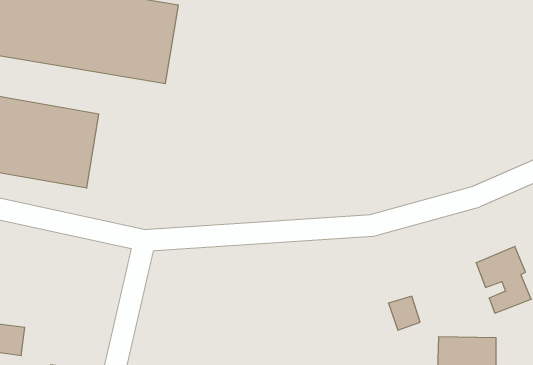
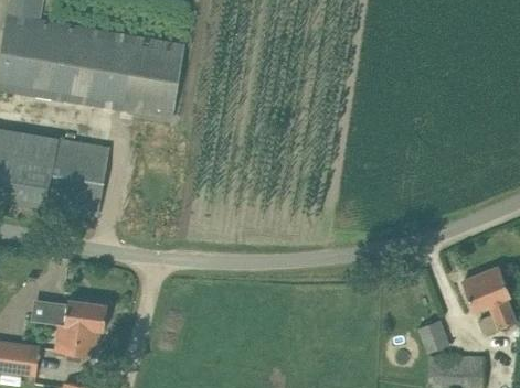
building: none -> [44,299,107,355]
building: [388,296,420,330] -> [417,321,447,353]

